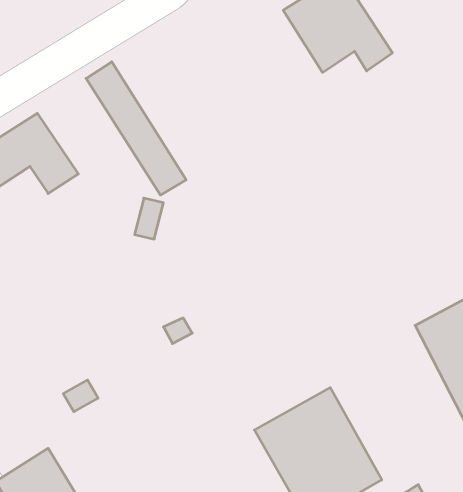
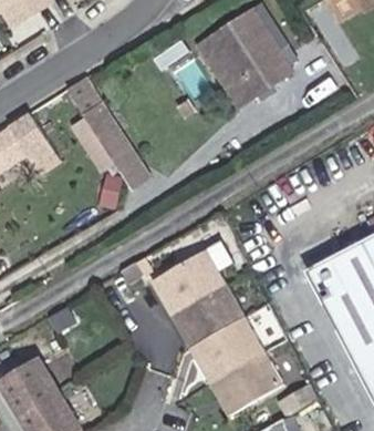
building: none -> [199,39,270,104]
building: none -> [150,239,243,346]

